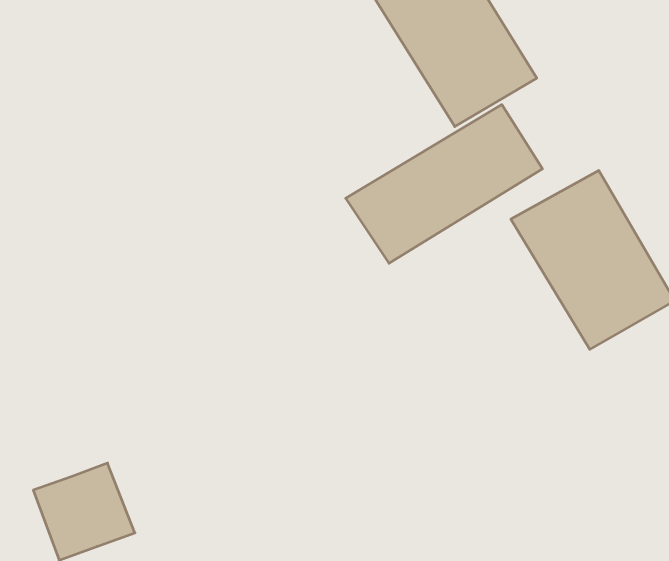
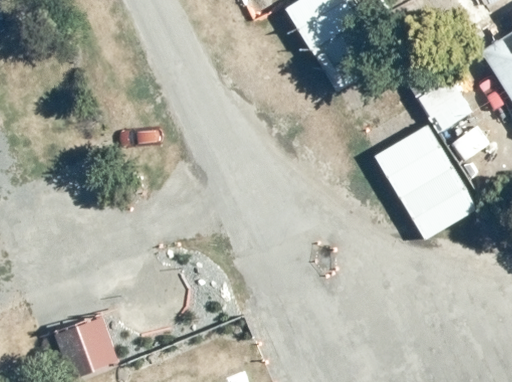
building: [346,105,542,263] -> none

